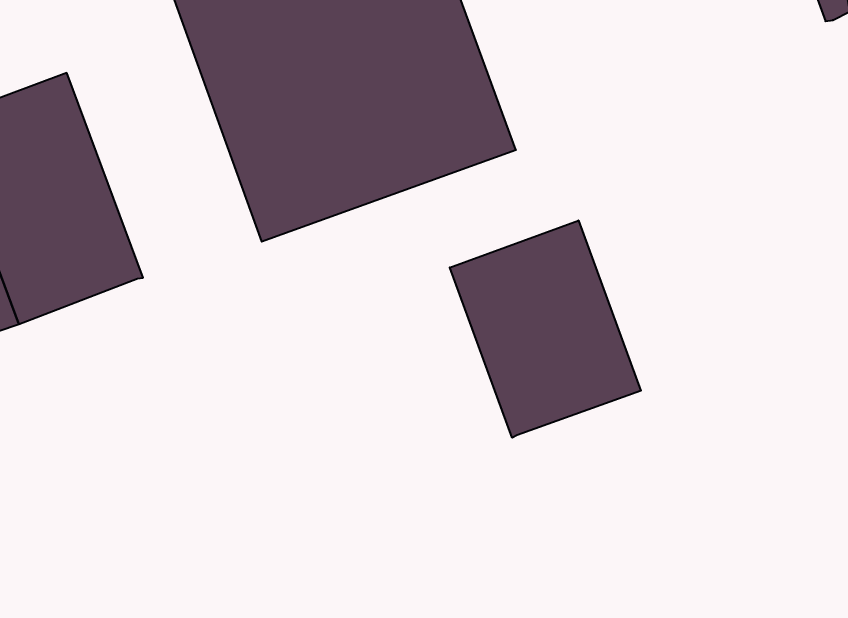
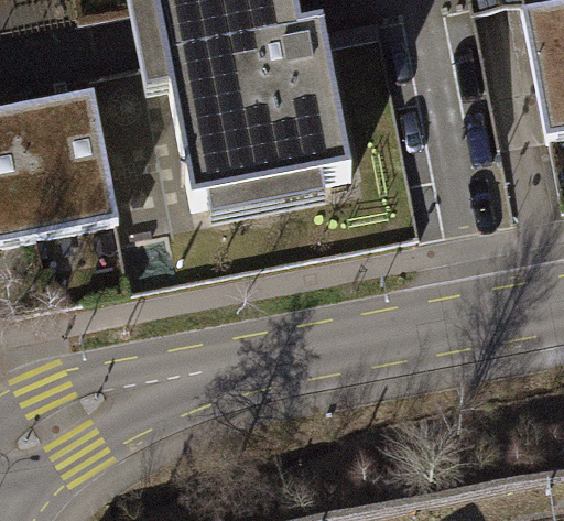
building: [450,220,641,438] -> none

